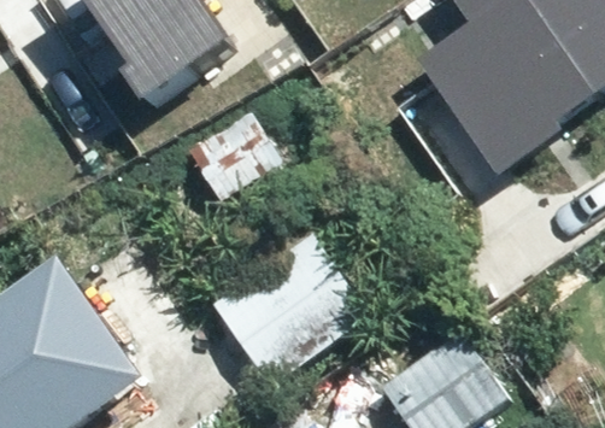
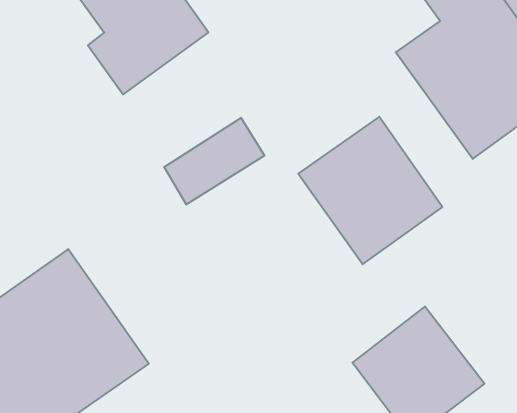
building: none -> [298,117,442,264]
building: [217,230,377,385] -> none

